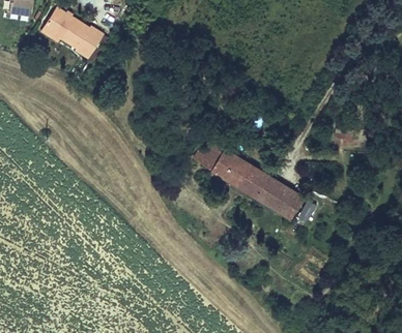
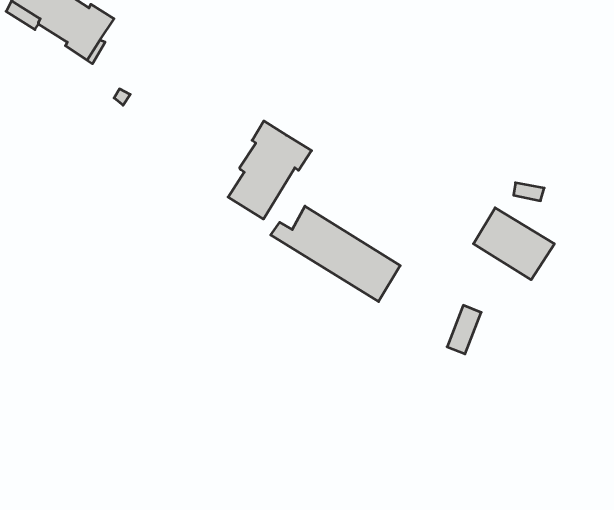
building: none -> [228,121,312,219]
building: [256,176,303,217] -> [473,208,554,280]

